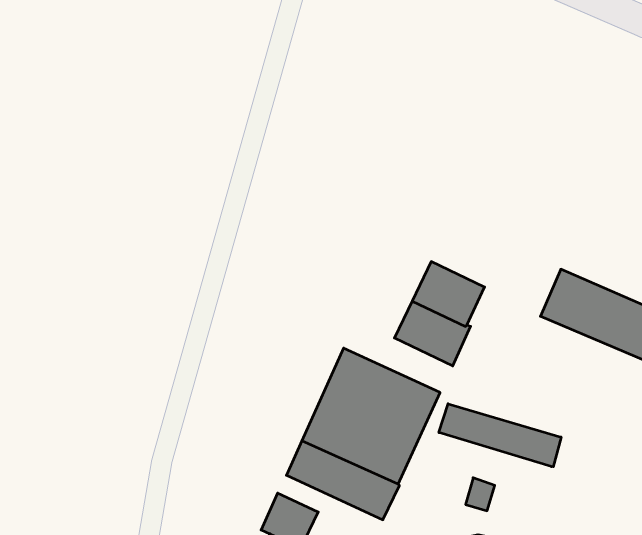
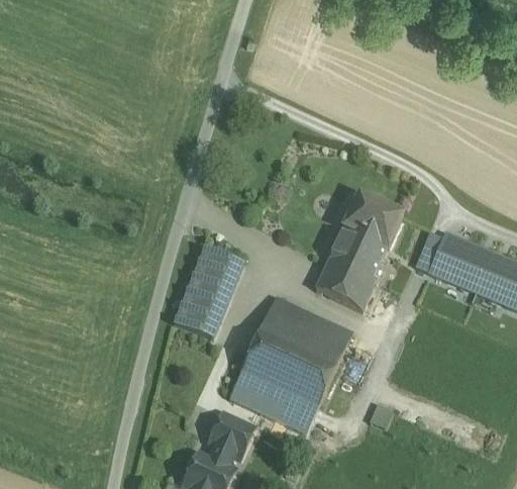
building: none -> [341,195,402,249]
building: none -> [174,248,241,338]
building: [439,404,561,467] -> none

